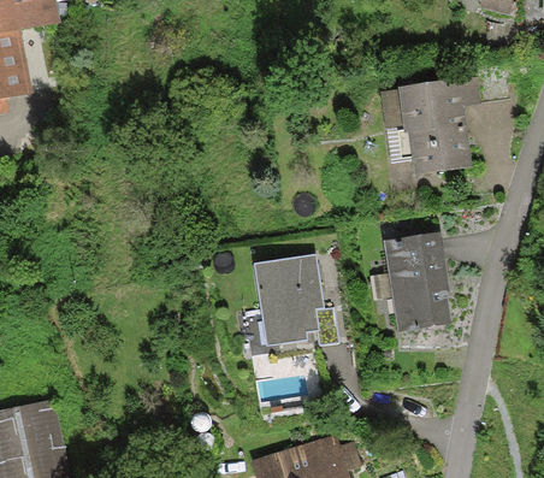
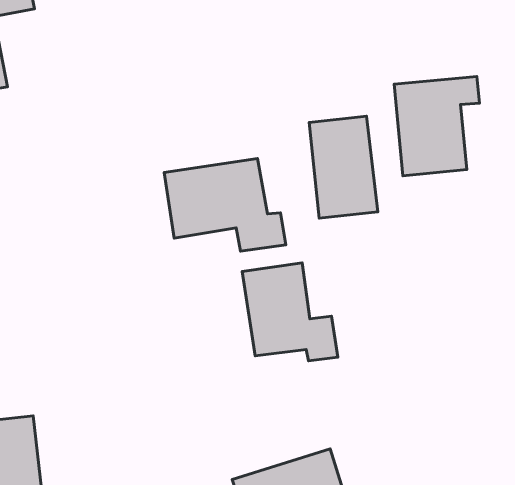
building: none -> [164,158,286,251]
building: [384,236,449,332] -> [309,116,378,218]

